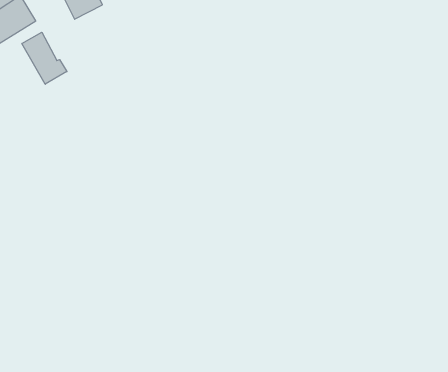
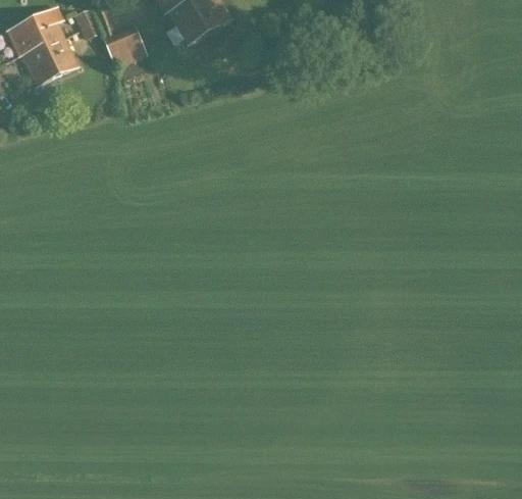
building: [22,32,67,84] -> none

